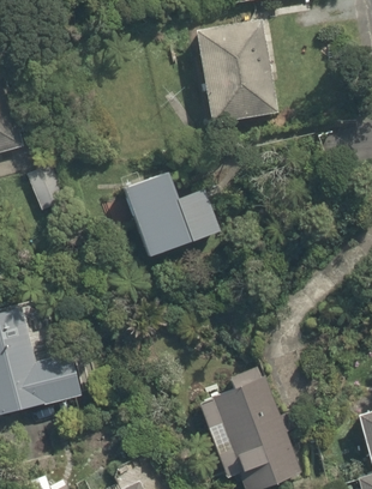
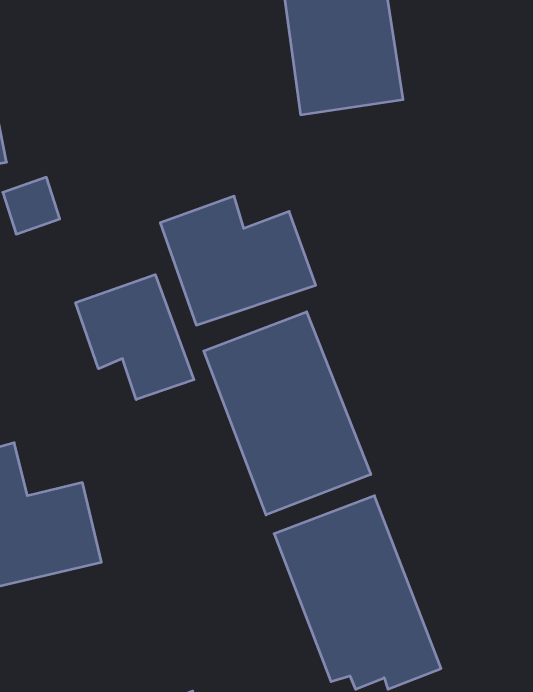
building: none -> [76,275,194,400]
building: none -> [204,312,371,515]

